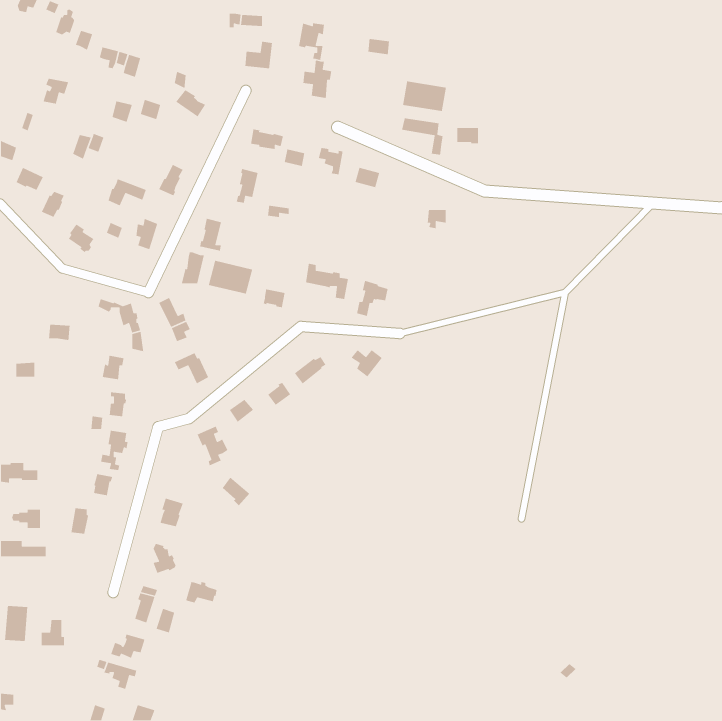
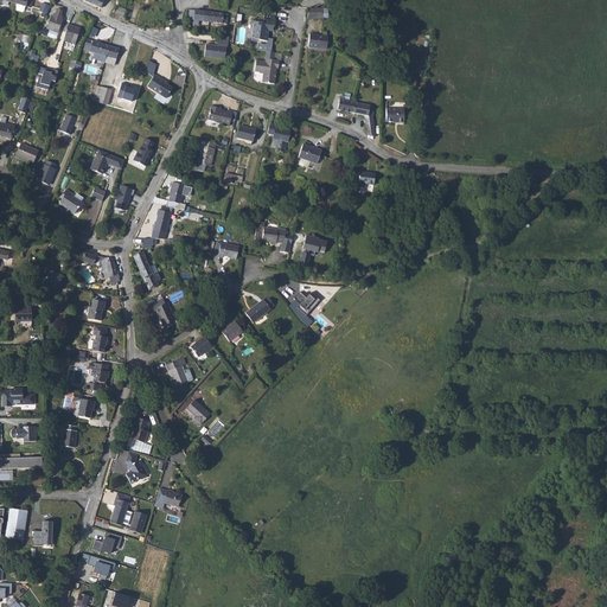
building: [402,81,447,112] -> none
building: [208,260,253,295] -> none

